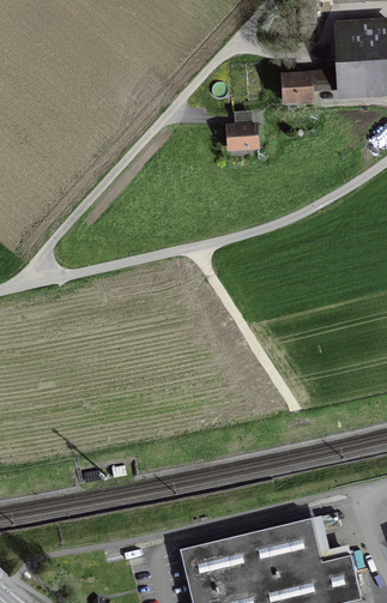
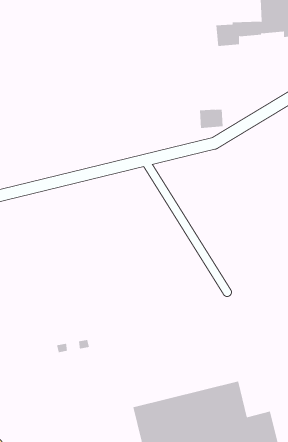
building: [226,126,256,150] -> [199,109,223,129]

